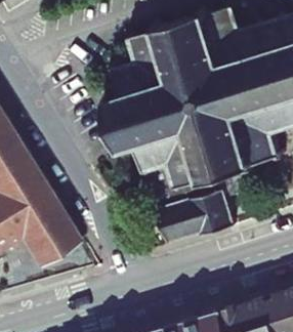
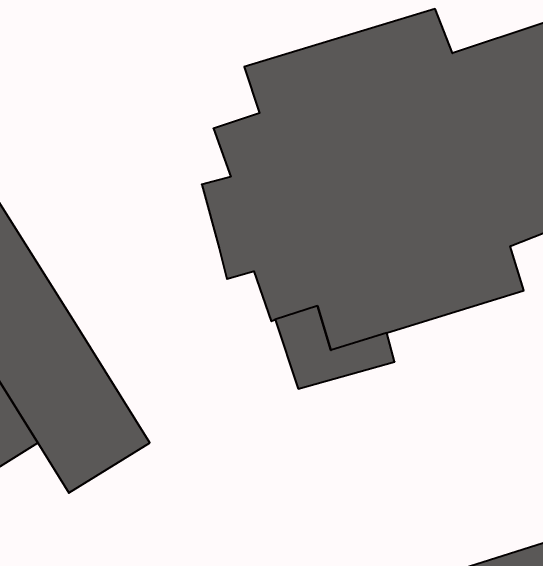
building: [161,191,237,244] -> none

